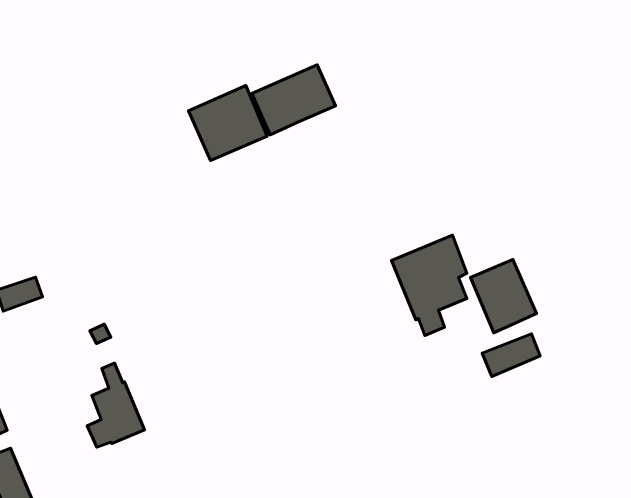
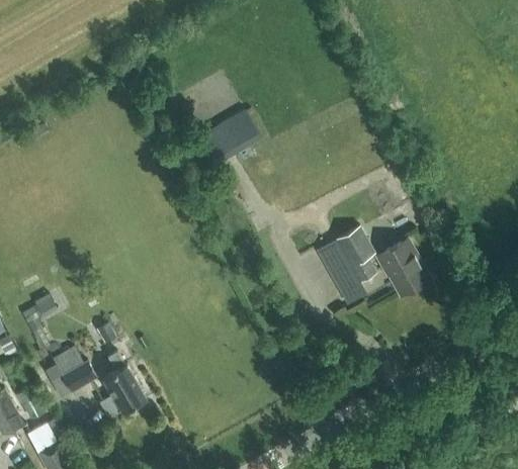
building: [189,85,267,160] -> none
building: [482,334,540,376] -> none
building: none -> [41,347,97,399]

